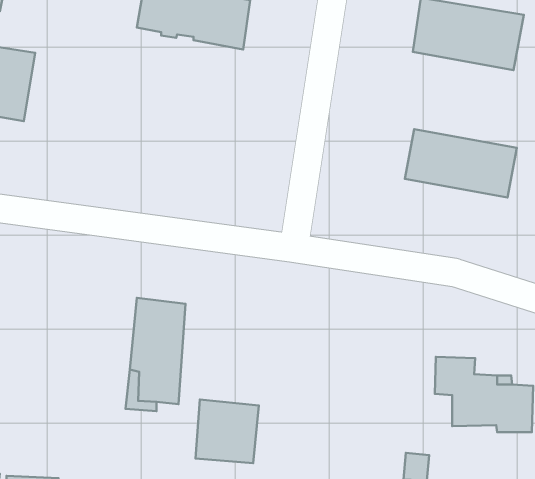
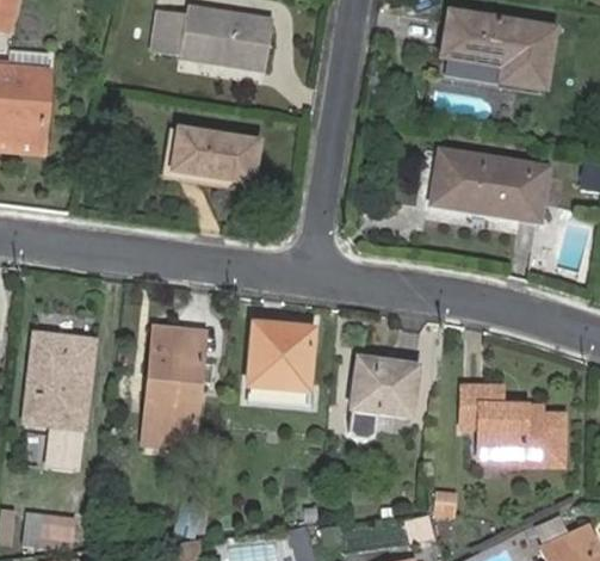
building: none -> [171,128,258,183]
building: none -> [29,331,93,466]
building: none -> [347,357,414,437]
building: [195,400,259,463] -> [246,323,311,389]

